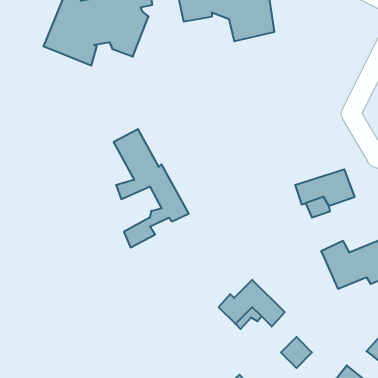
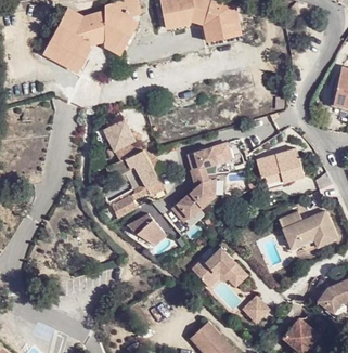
building: none -> [171,143,231,222]
building: none -> [127,214,166,245]

